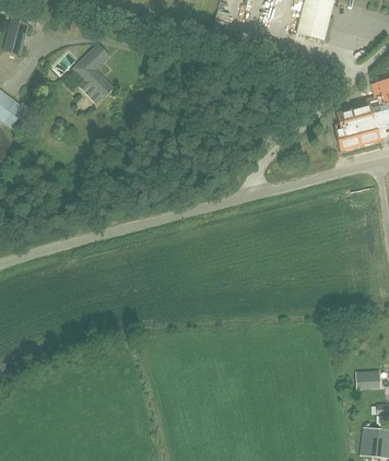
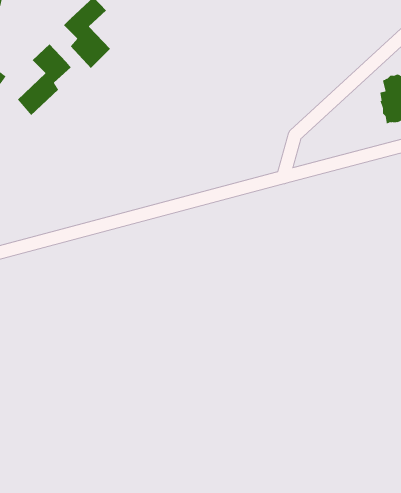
building: none -> [17,43,72,116]

